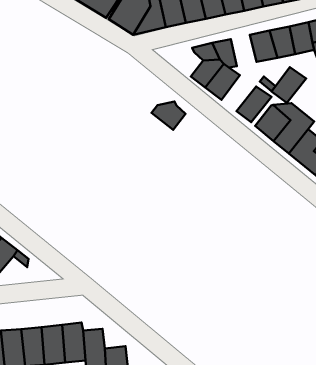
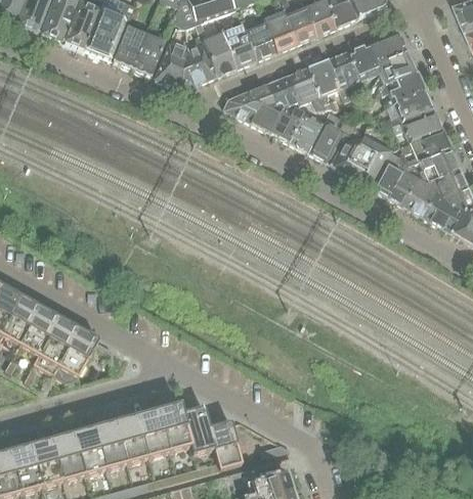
building: none -> [288,65,319,101]
building: [271,67,306,103] -> [289,110,324,149]
building: [151,101,186,130] -> [225,90,262,121]

